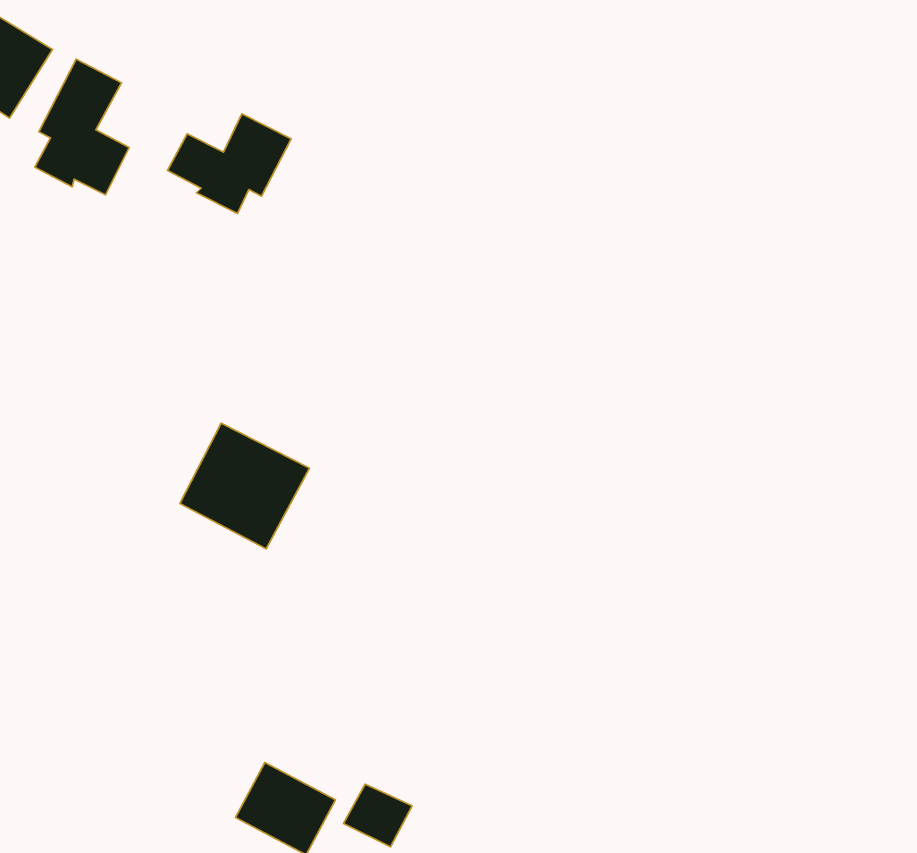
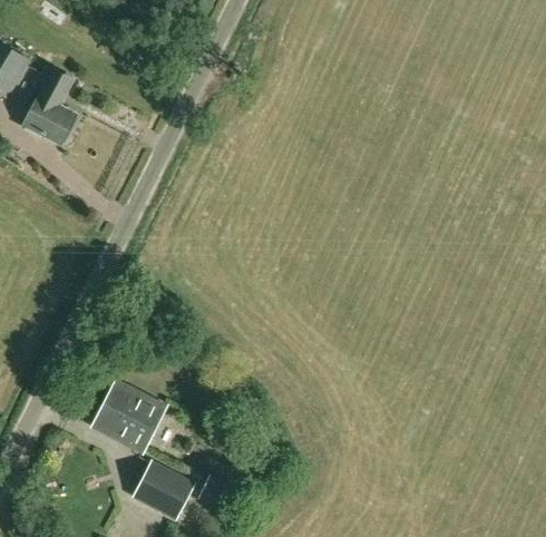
building: [167,114,291,213] -> none
building: [180,423,309,549] -> [94,381,167,452]

